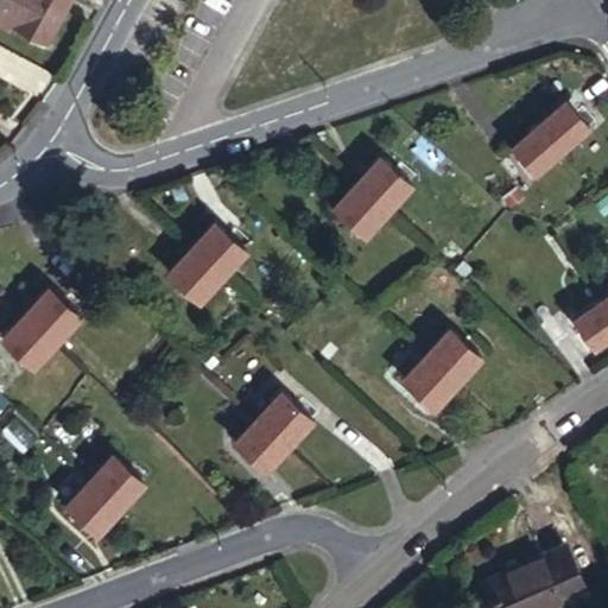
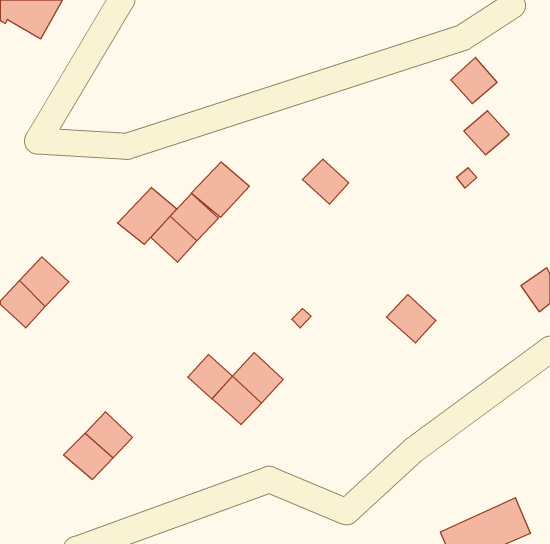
building: [538,103,589,154] -> [451,57,497,104]
building: [356,157,410,208] -> none
building: none -> [191,162,249,217]
building: none -> [117,187,177,244]
building: [403,356,458,410] -> none
building: none -> [188,355,232,399]

